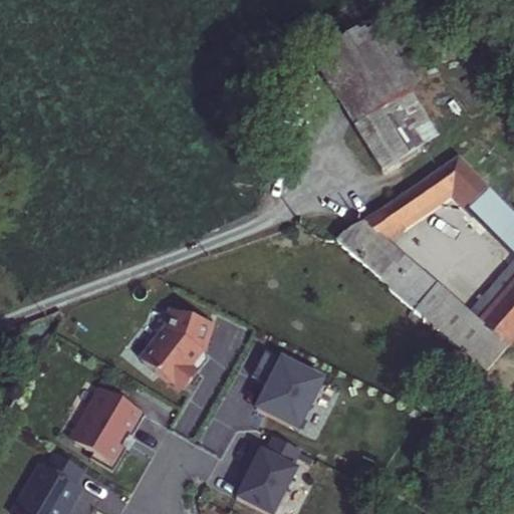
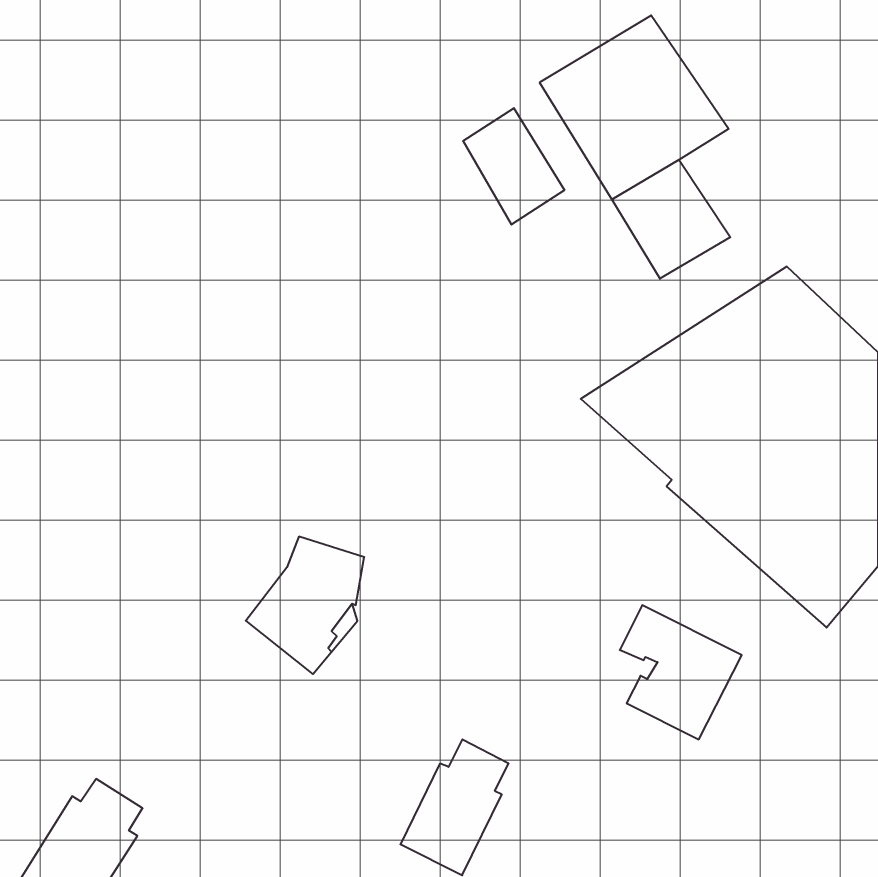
building: none -> [463,108,564,225]
building: [249,347,320,426] -> [620,605,742,739]
building: [75,391,146,473] -> none

